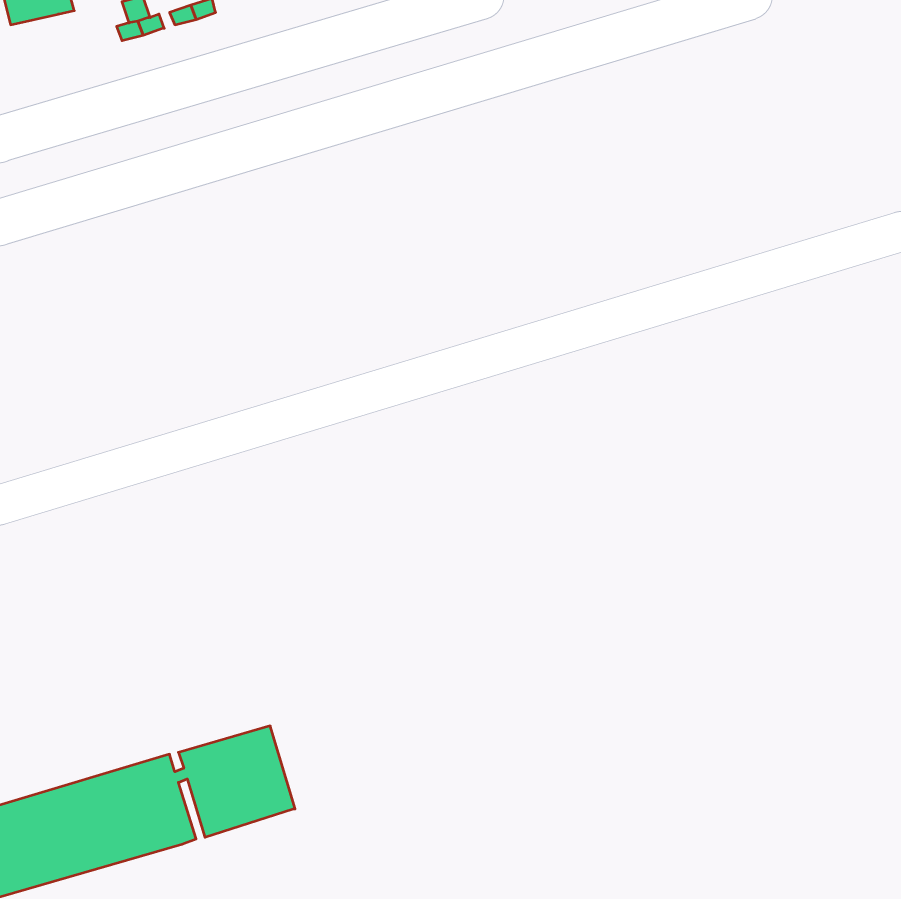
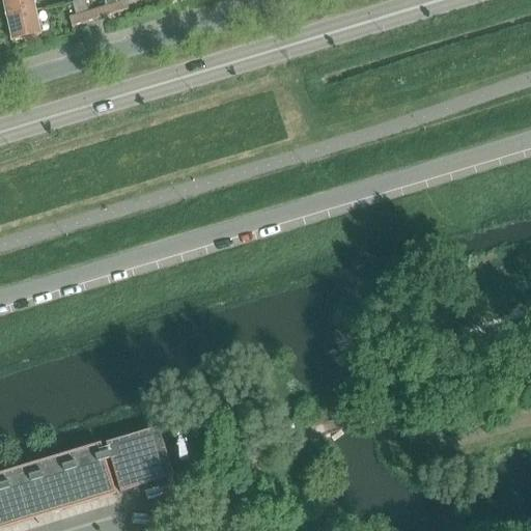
building: none -> [6,8,39,39]

